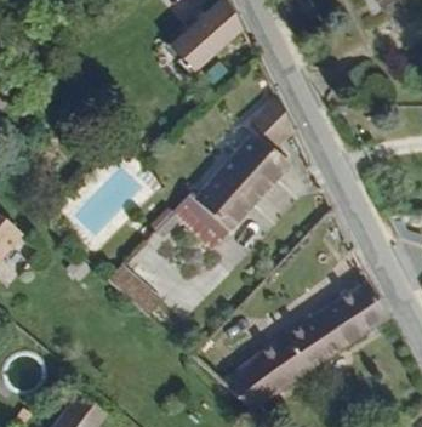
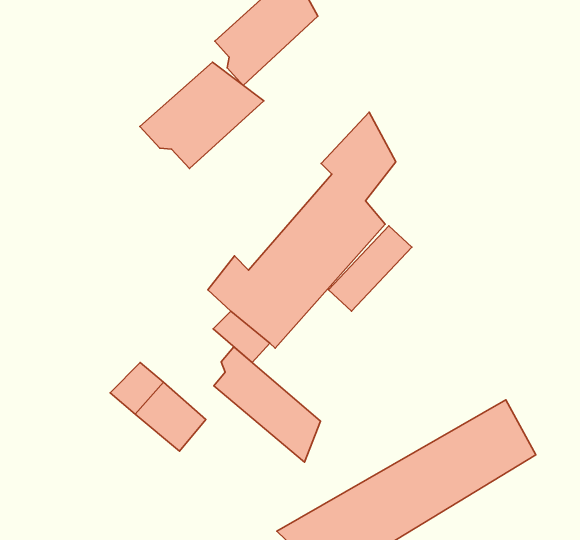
building: none -> [140,62,264,169]
building: none -> [214,347,321,462]

